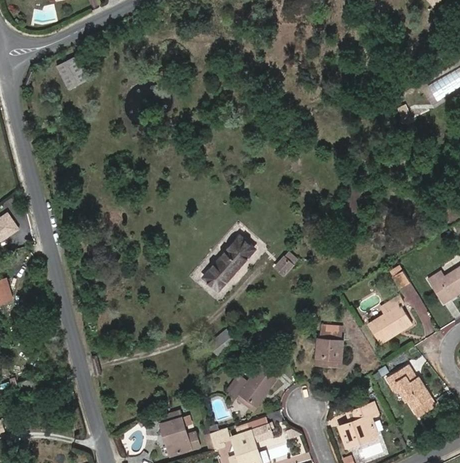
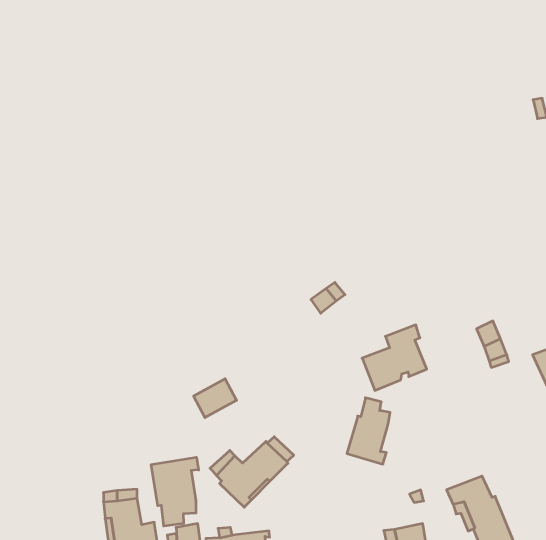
building: [204,237,253,289] -> none
building: [368,294,412,342] -> [362,325,427,390]
building: none -> [151,457,199,526]

